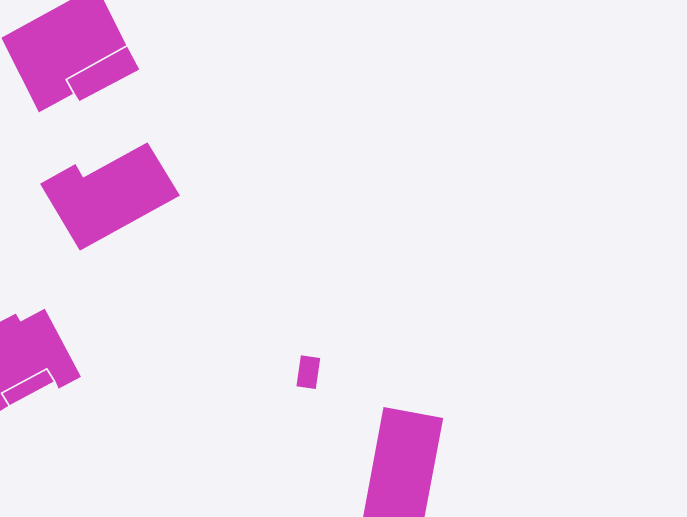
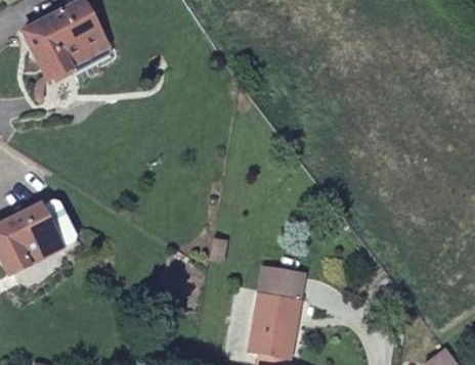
building: [39,141,181,252] -> none

